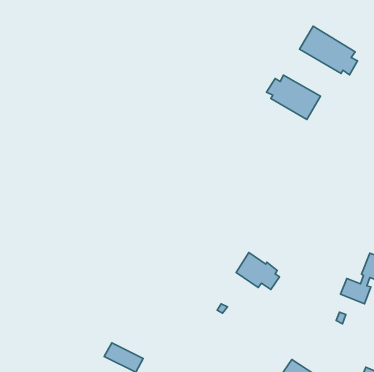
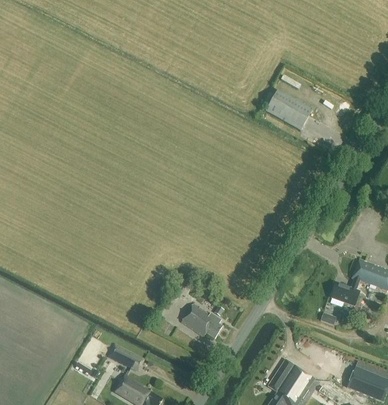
building: [300,26,357,75] -> none
building: [236,253,279,289] -> [182,303,223,338]

